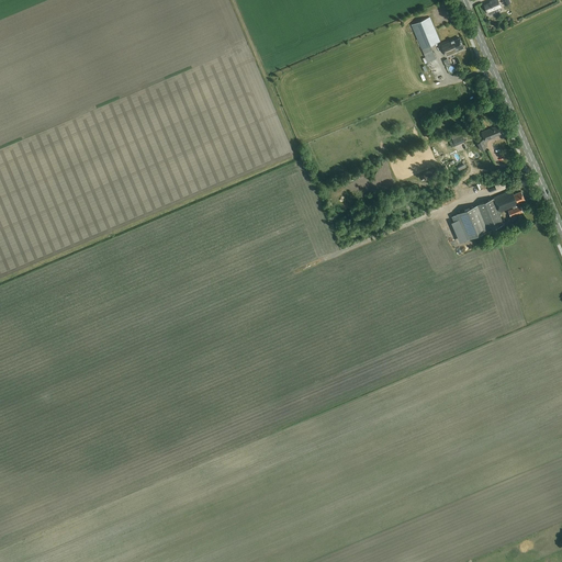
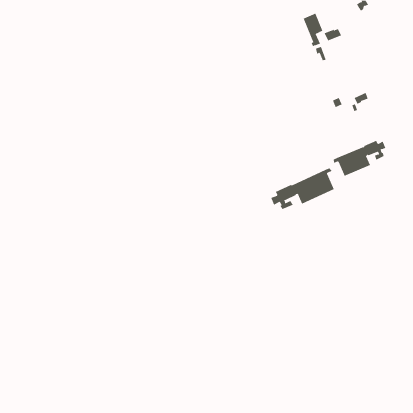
building: none -> [270,168,335,210]

